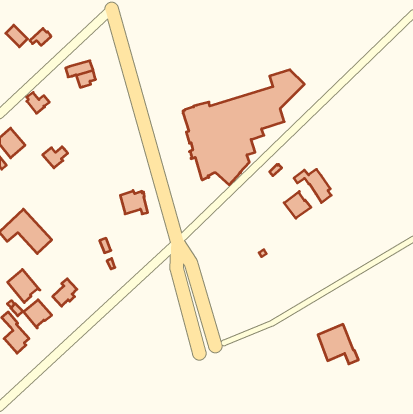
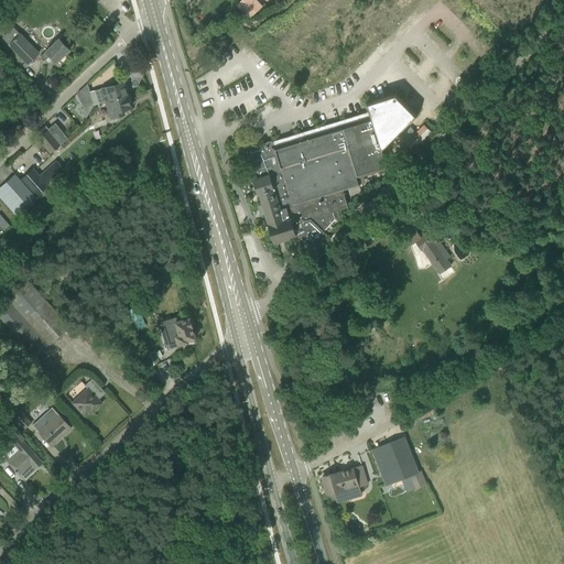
building: [43,147,68,168] -> [21,167,55,196]
building: [120,190,148,214] -> [160,316,197,348]
building: [284,191,311,218] -> none
building: [8,269,40,303] -> none
building: [318,324,358,364] -> [370,436,425,490]
building: none -> [322,465,367,502]

